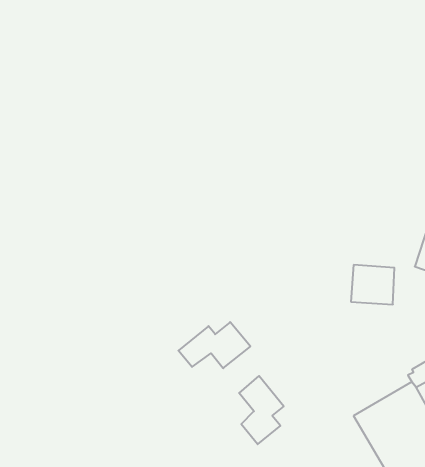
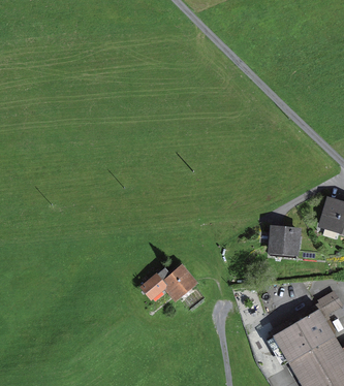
building: [239,376,284,444] -> none

